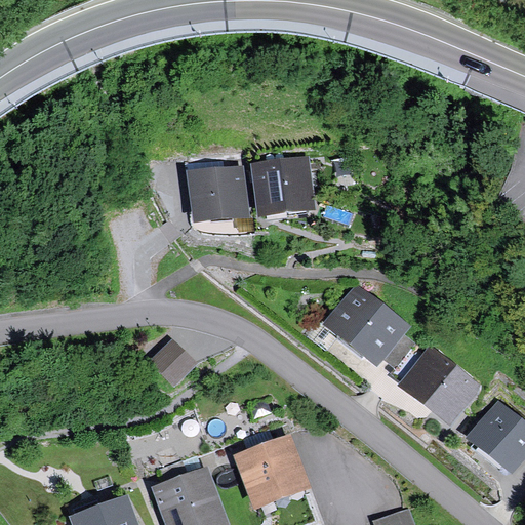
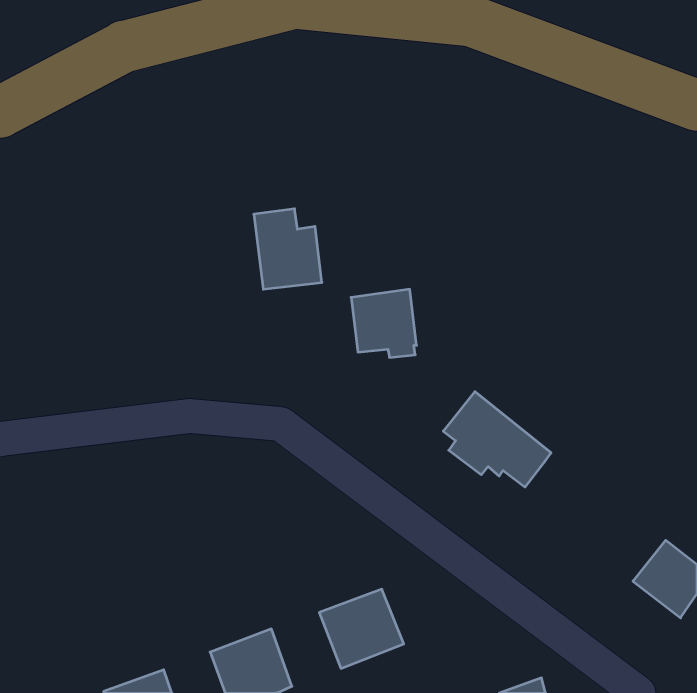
building: [258,162,308,213] -> [351,289,417,357]
building: [151,341,194,385] -> none
building: [392,348,474,416] -> none

